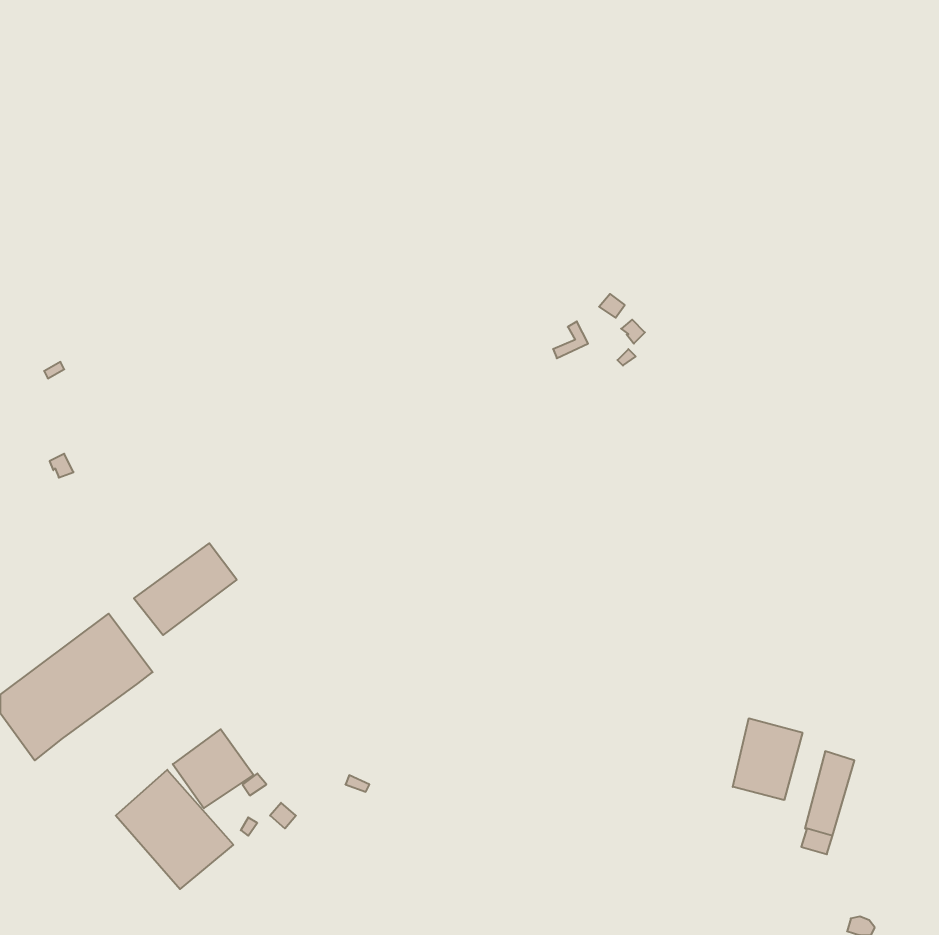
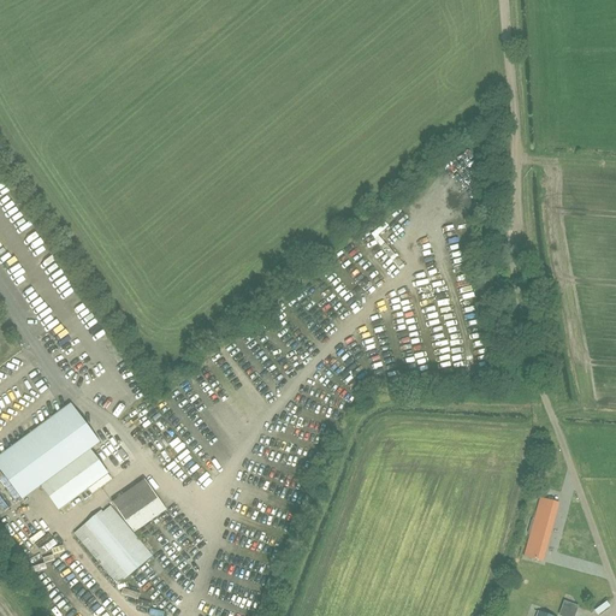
building: [134,543,237,635] -> [41,448,108,508]
building: [733,718,802,800] -> none

